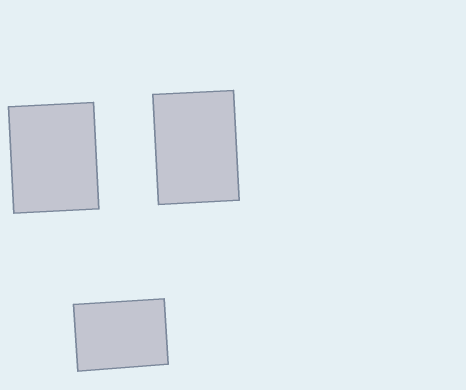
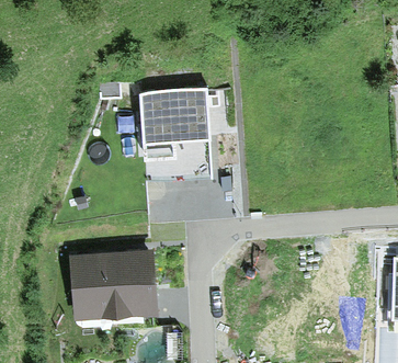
building: [8,103,99,213] -> none

